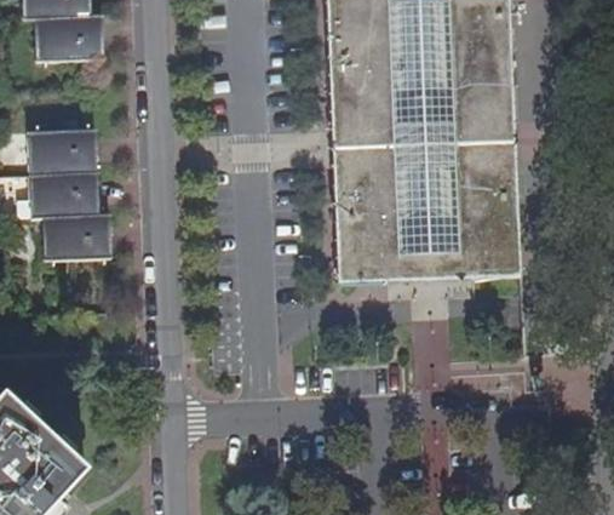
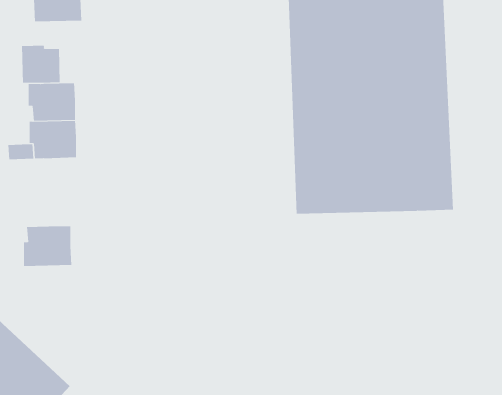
building: none -> [22,45,60,84]
building: [48,212,104,258] -> [23,226,72,266]

